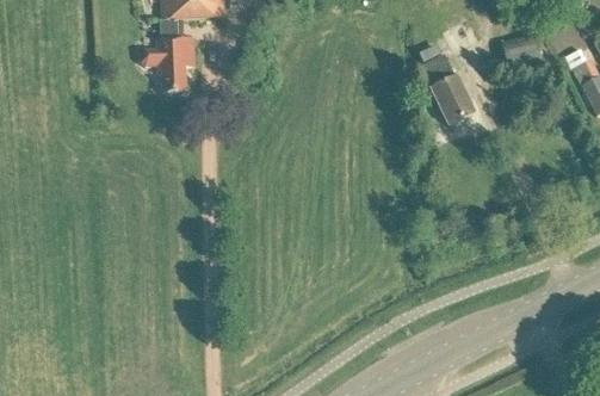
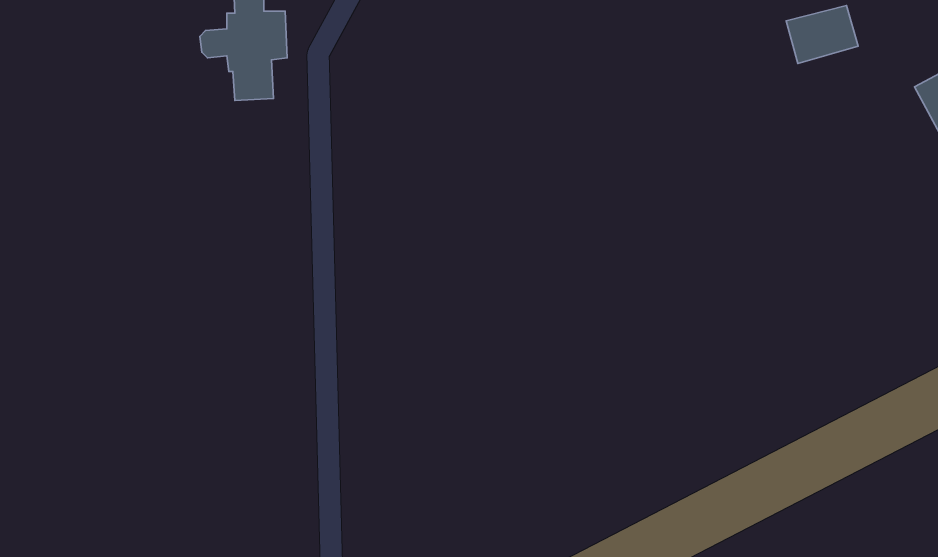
building: [421,55,474,125] -> none

